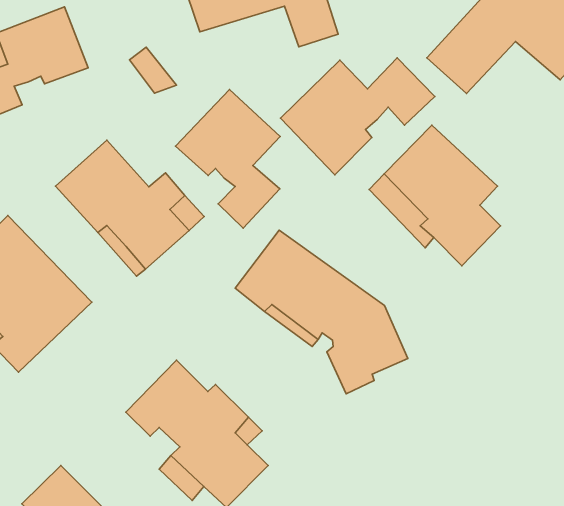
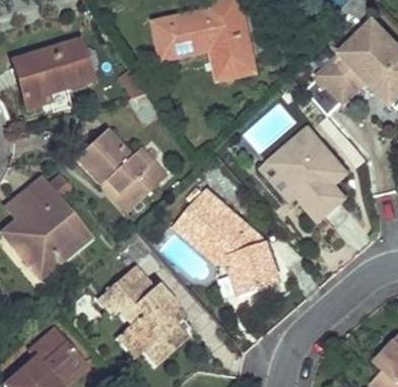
building: [281,58,435,175] -> none
building: [176,89,280,228] -> none

